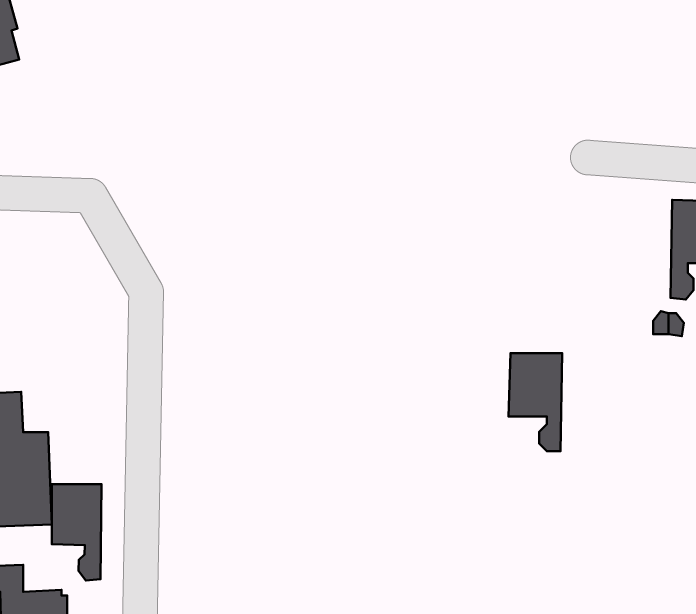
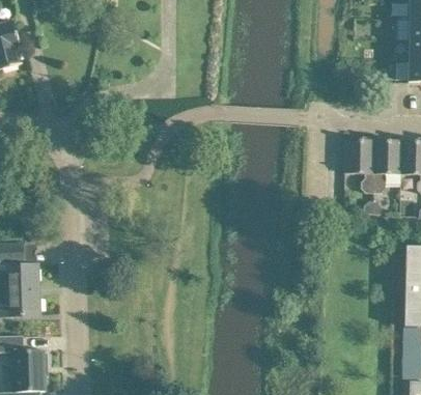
building: [509,353,562,451] -> [344,140,373,193]
building: [52,484,101,581] -> none

